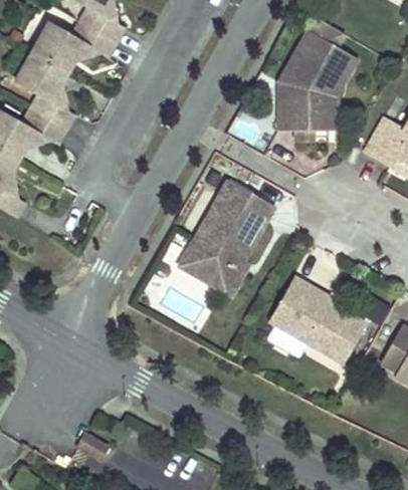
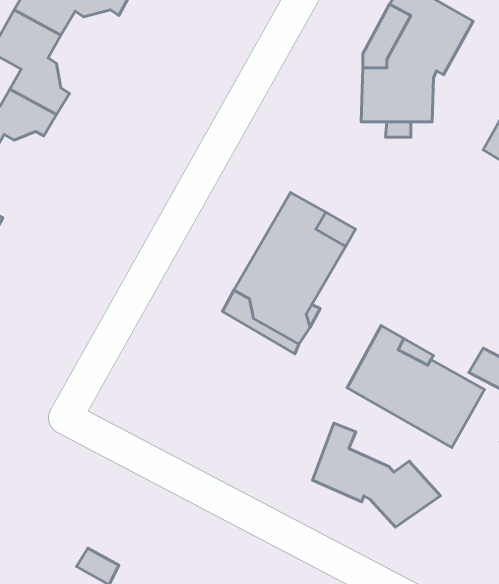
building: none -> [312,423,441,527]

